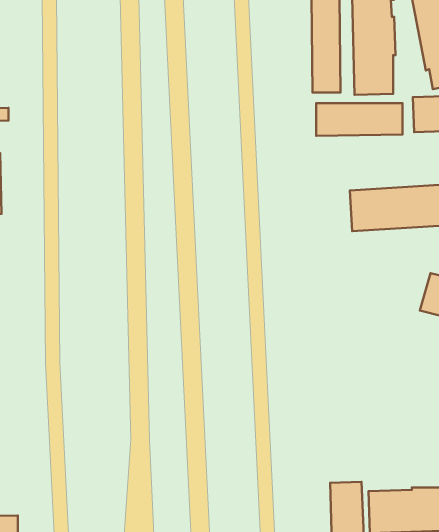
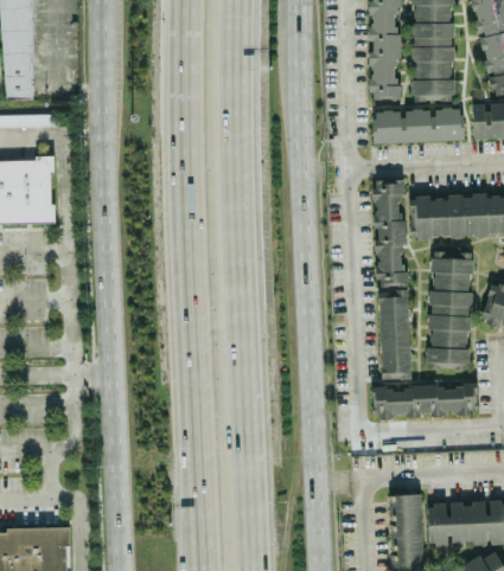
building: none -> [374,179,406,287]
building: none -> [429,251,473,368]
building: none -> [379,290,412,379]
building: none -> [372,385,479,416]

